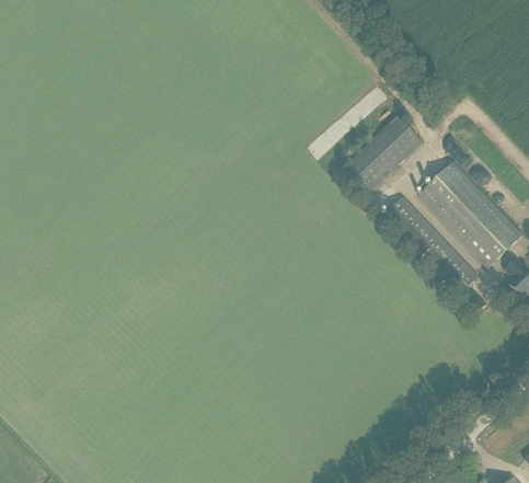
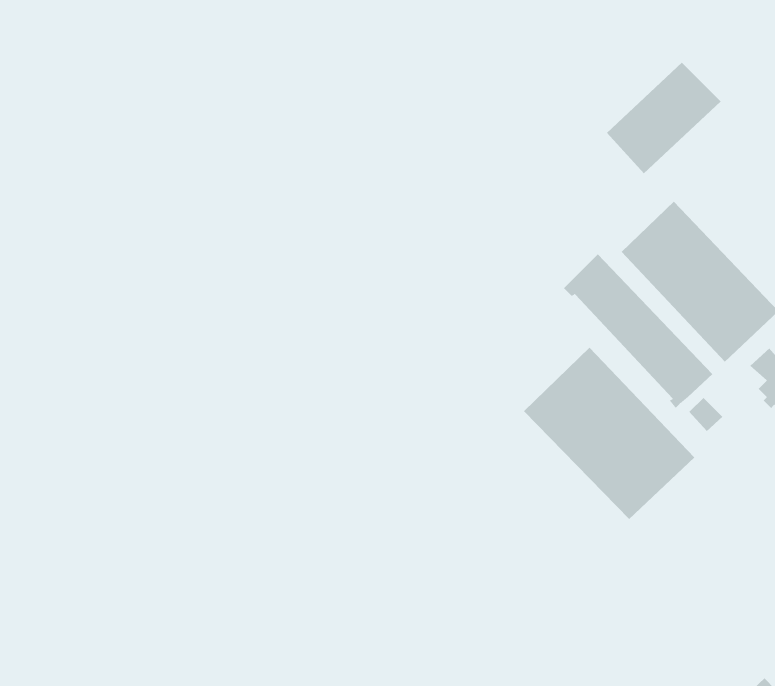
building: [346,115,423,189] -> [606,62,721,174]
building: none -> [523,347,695,520]

